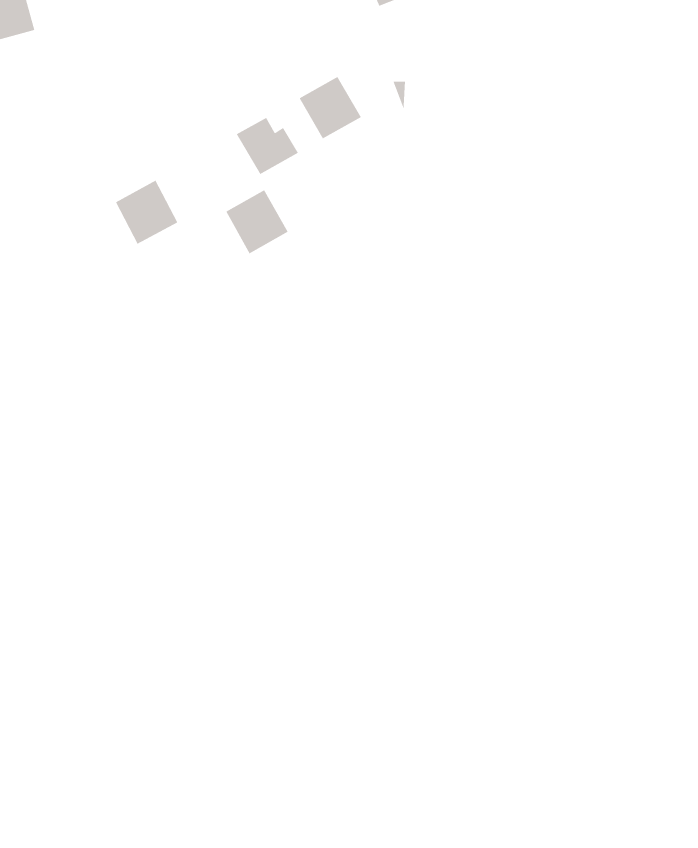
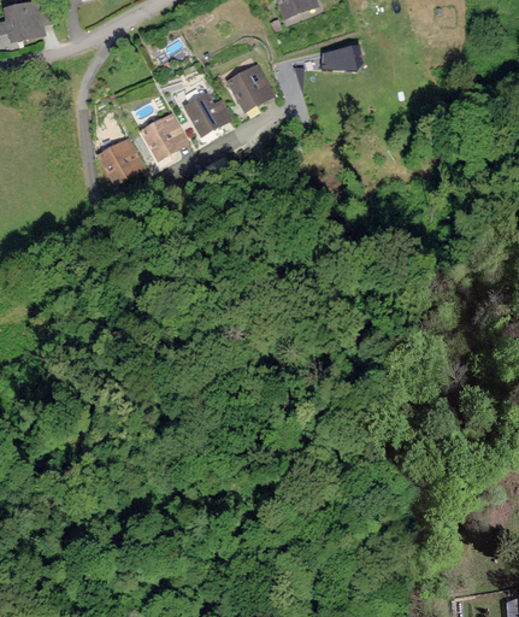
building: none -> [323,45,361,69]
building: [225,189,288,254] -> [142,113,187,159]

